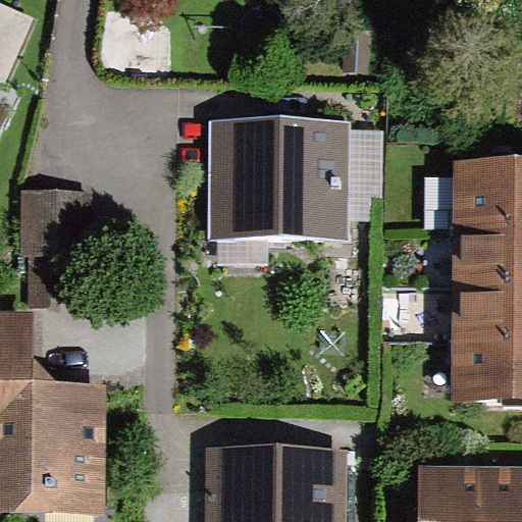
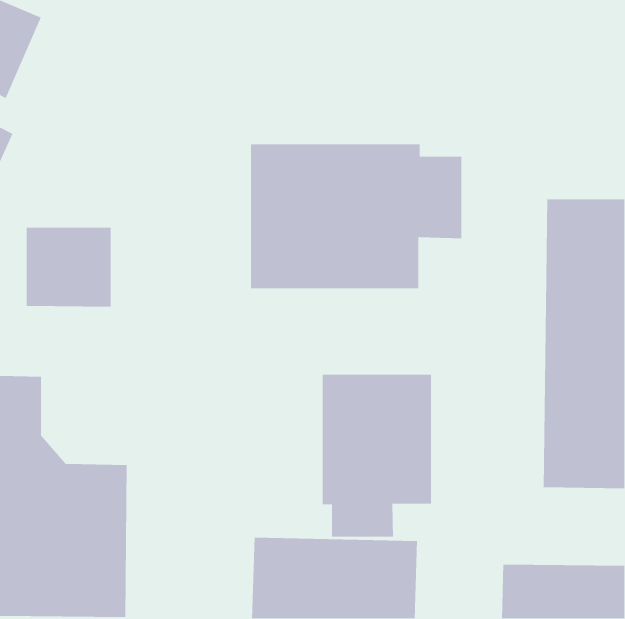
building: none -> [322,374,432,537]

